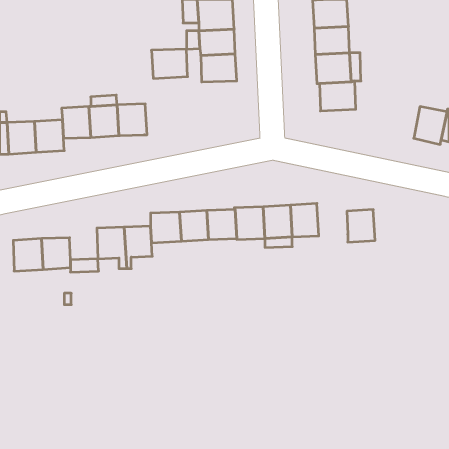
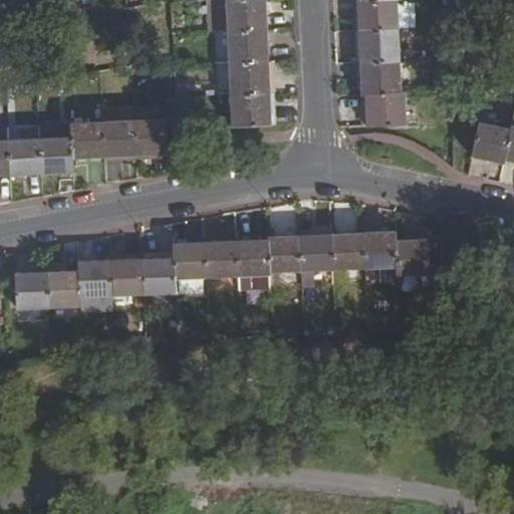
building: [151,49,188,78] -> [230,92,271,125]
building: none -> [361,230,397,269]
building: none -> [79,260,111,296]

